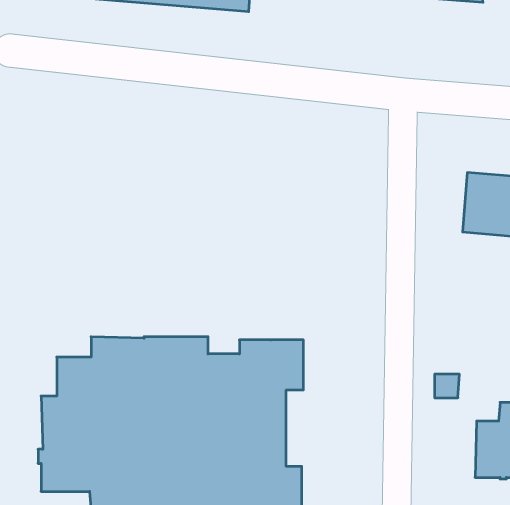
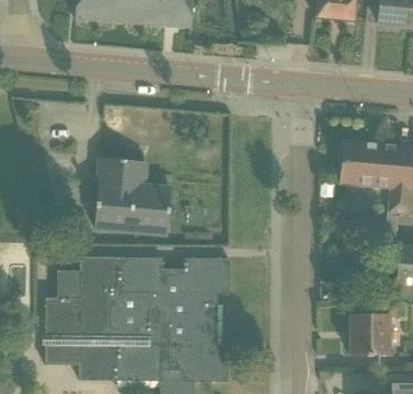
building: none -> [94,157,171,233]

